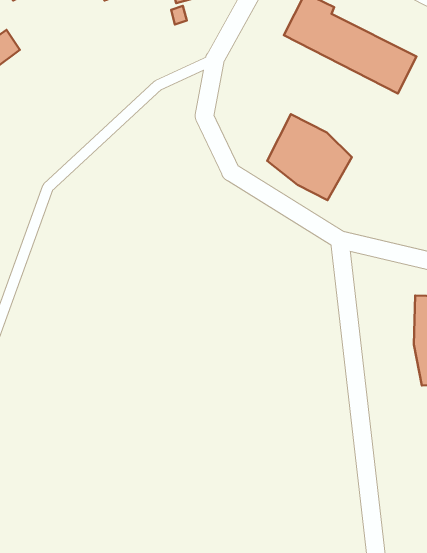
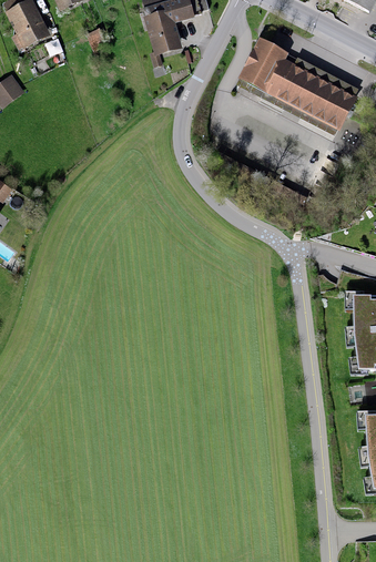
building: [267,114,352,200] -> none

